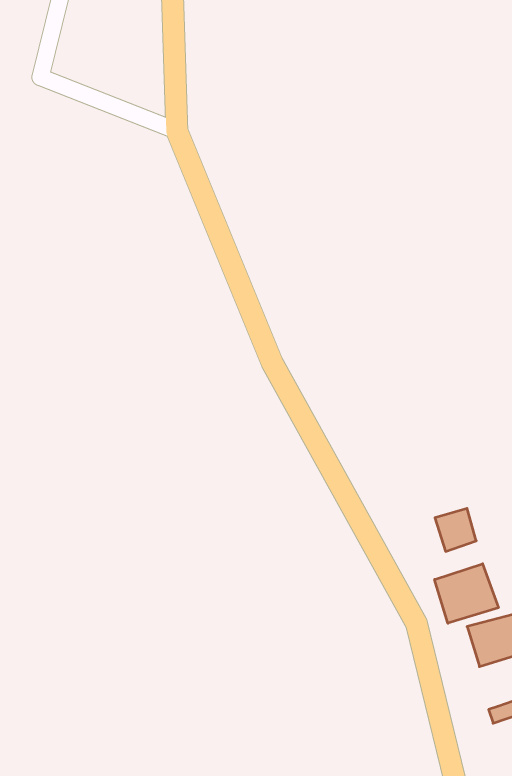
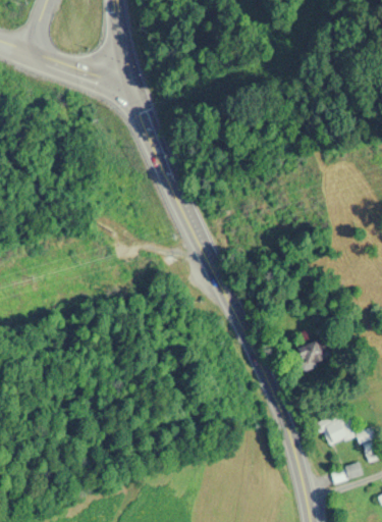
building: [435,564,498,623] -> none

